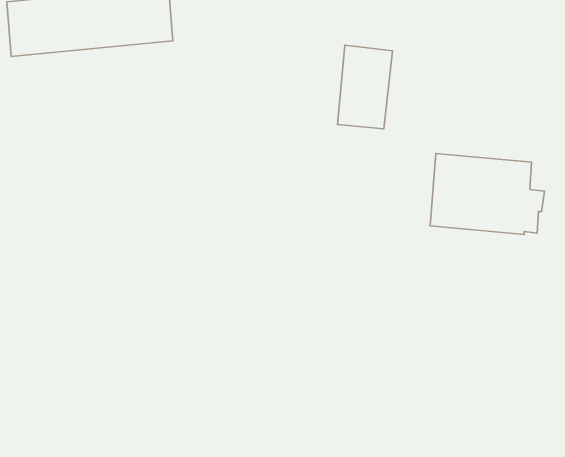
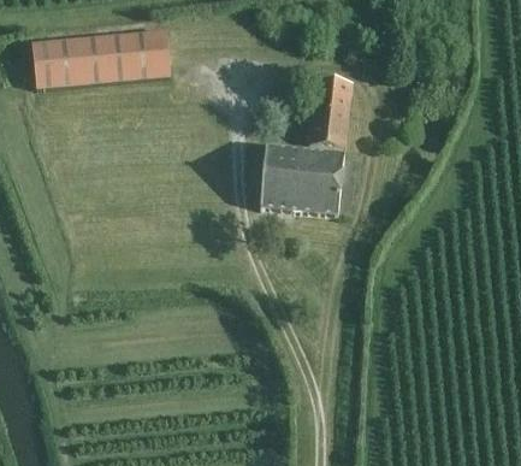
building: [430,154,544,234] -> [259,147,354,214]

